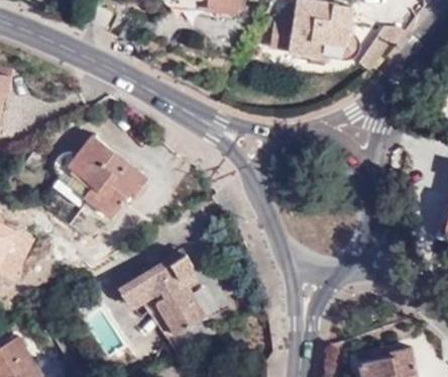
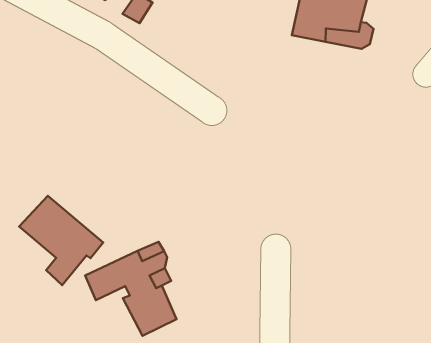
building: [66,136,143,216] -> [19,196,103,285]

